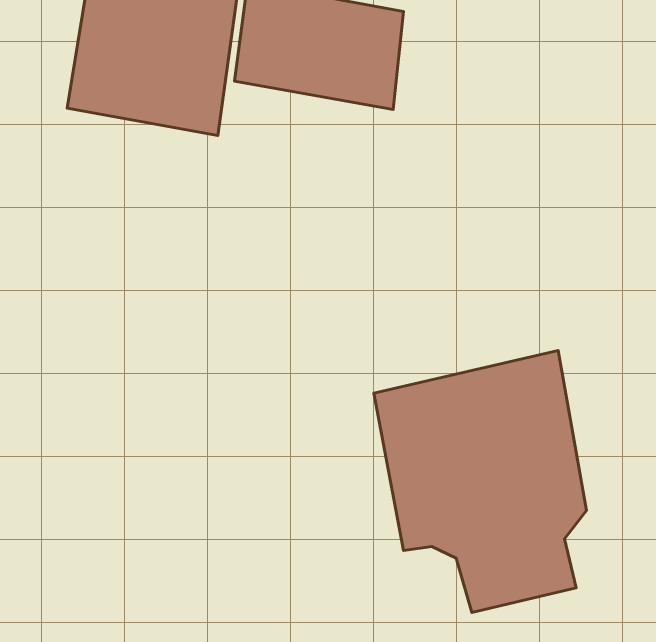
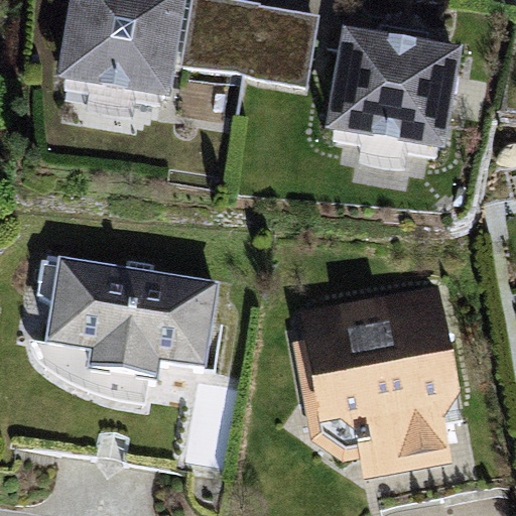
building: none -> [324,27,463,155]
building: none -> [47,261,222,378]

